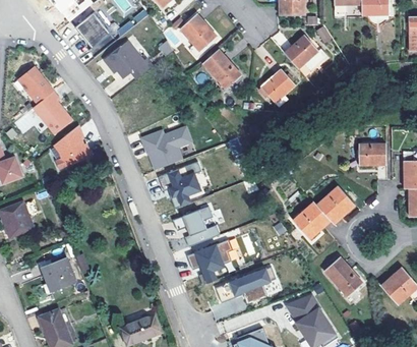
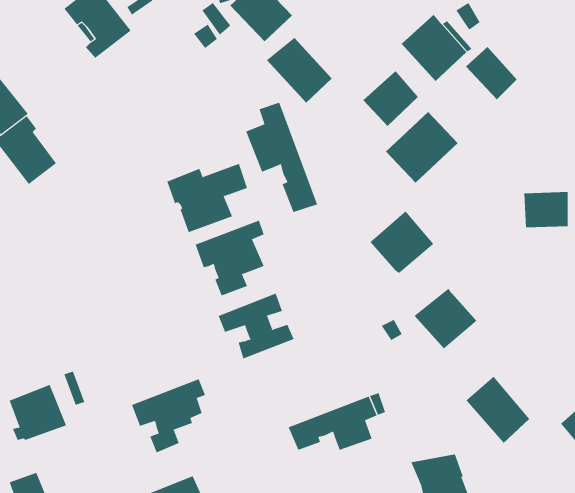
building: [105,45,154,82] -> none
building: none -> [465,46,518,100]
building: none -> [245,102,318,213]
building: none -> [385,111,458,183]
building: [55,127,92,171] -> none
building: [314,184,354,223] -> [369,211,434,274]
building: [185,237,231,283] -> [131,378,206,453]

